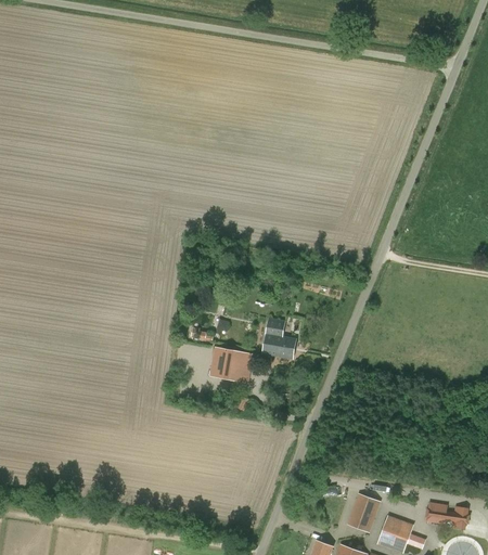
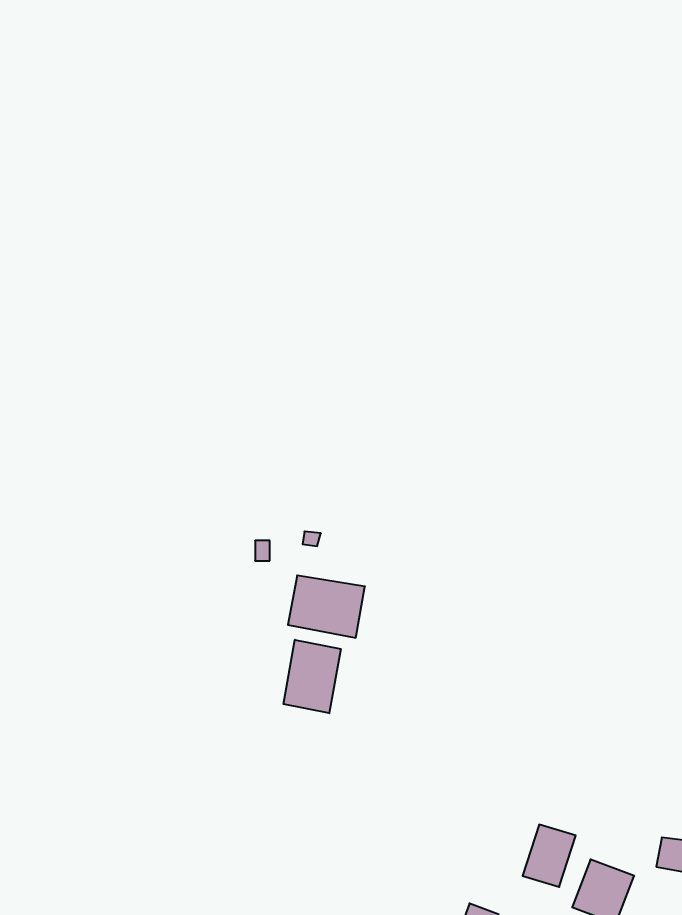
building: [262,318,297,359] -> none
building: none -> [283,640,341,713]

